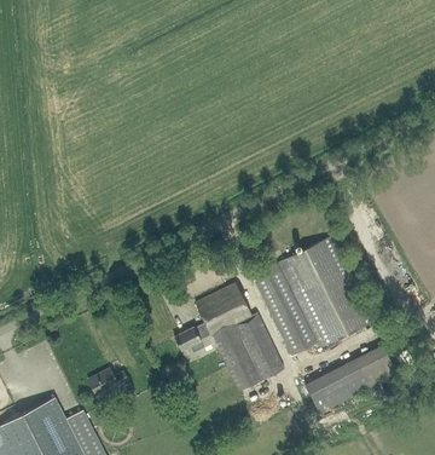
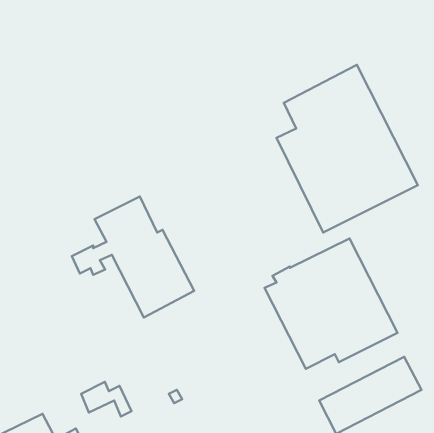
building: none -> [276,65,418,232]
building: [175,282,286,392] -> [72,197,194,317]

